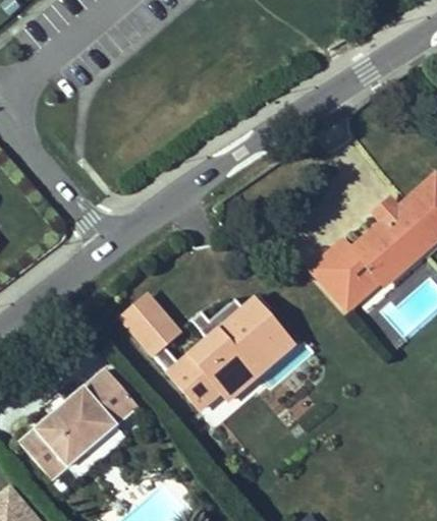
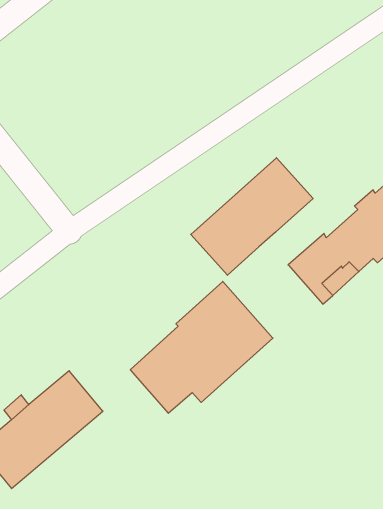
building: none -> [191,158,313,275]
building: [117,289,183,356] -> none

